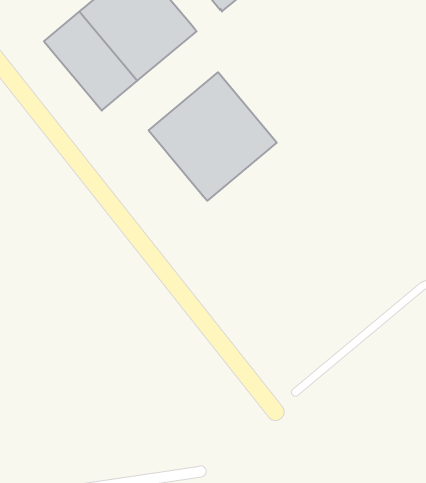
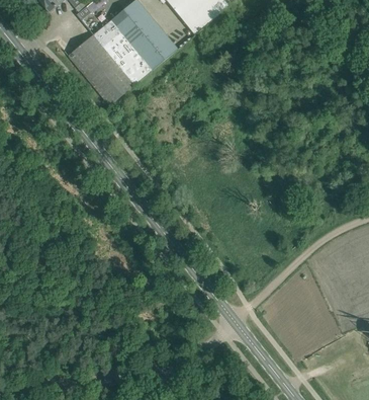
building: [149,72,277,201] -> none

